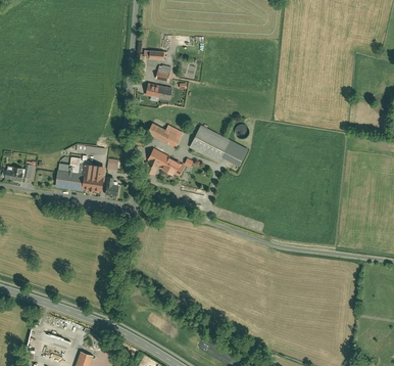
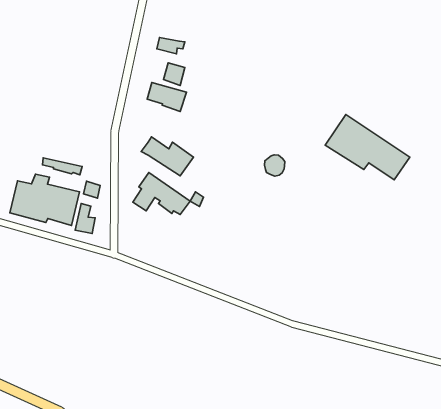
building: [188,124,249,167] -> [325,114,410,180]

